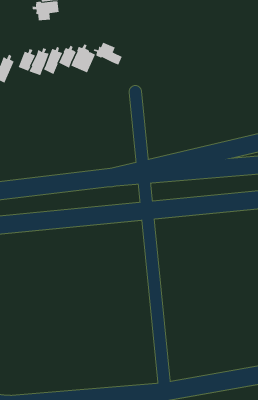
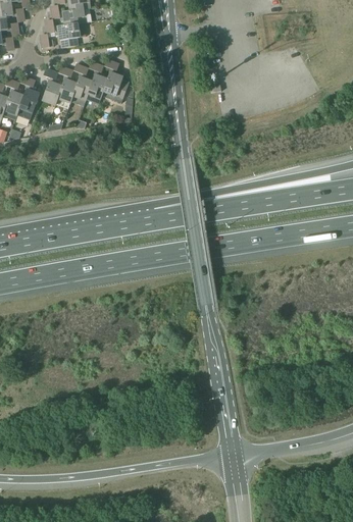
building: [93,42,122,66] -> none

